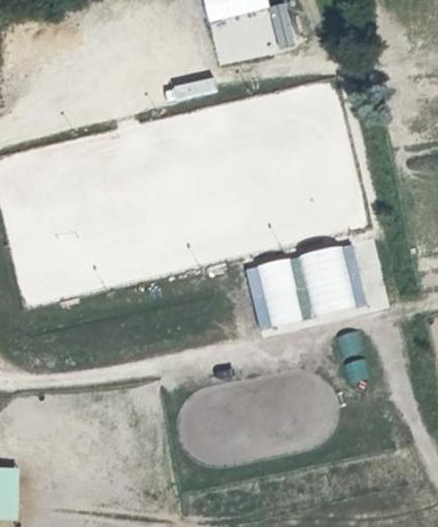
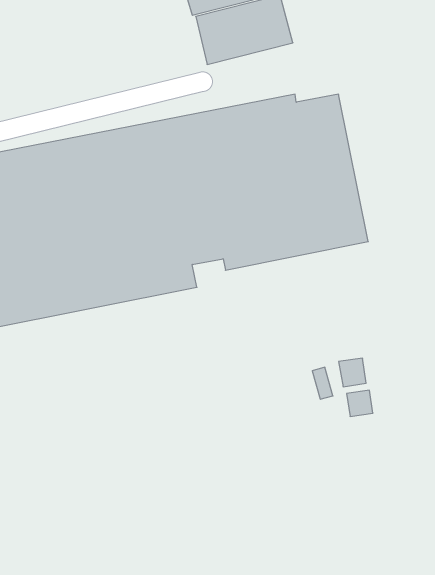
building: [249,244,365,331] -> none

